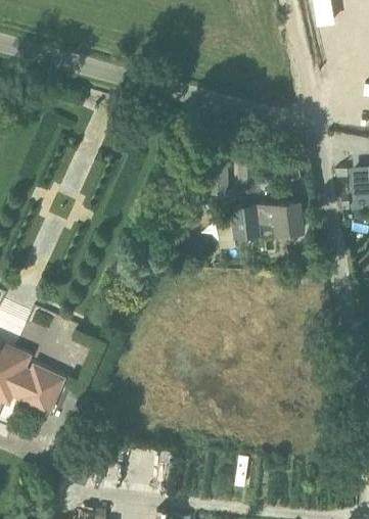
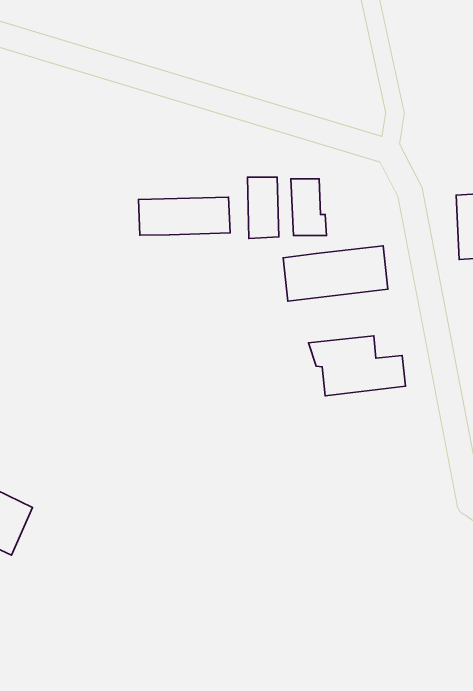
building: none -> [138,197,230,235]
building: none -> [308,336,405,396]

